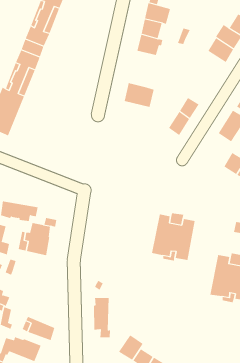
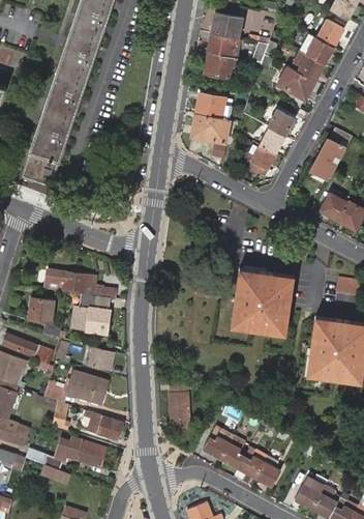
building: none -> [277,66,314,99]
building: none -> [196,93,223,118]
building: none -> [267,110,294,136]
building: none -> [87,348,113,371]
building: none -> [66,370,103,404]

